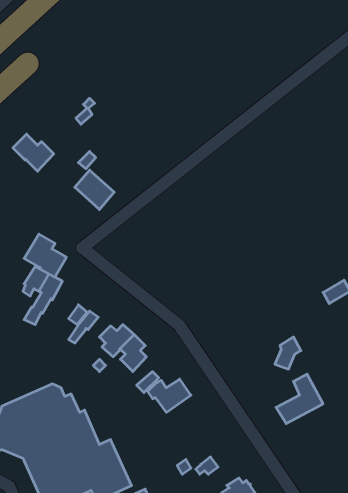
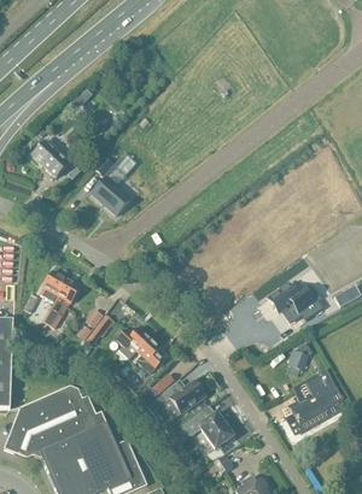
building: [24,234,66,277] -> none
building: none -> [268,283,323,319]
building: none -> [170,411,233,447]

